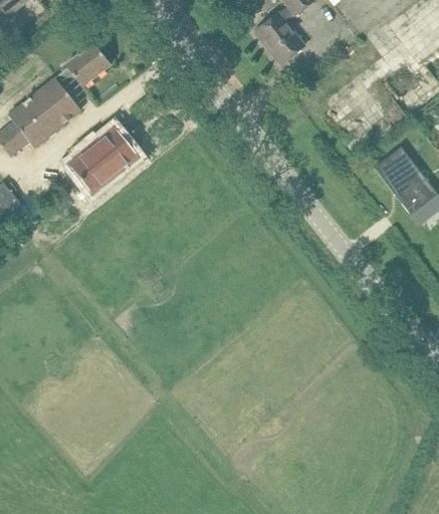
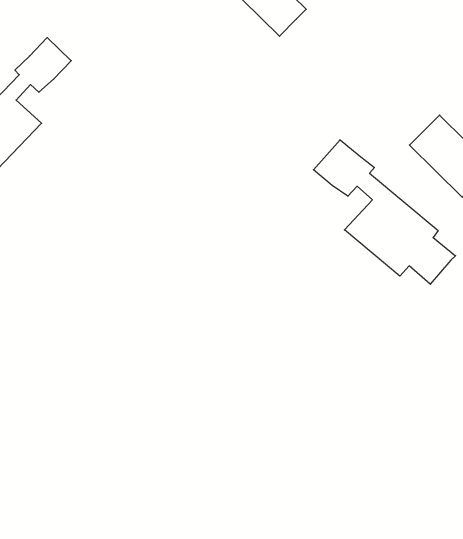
building: [62,128,137,198] -> none
building: none -> [313,140,456,284]

